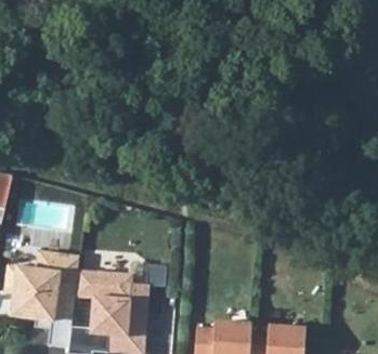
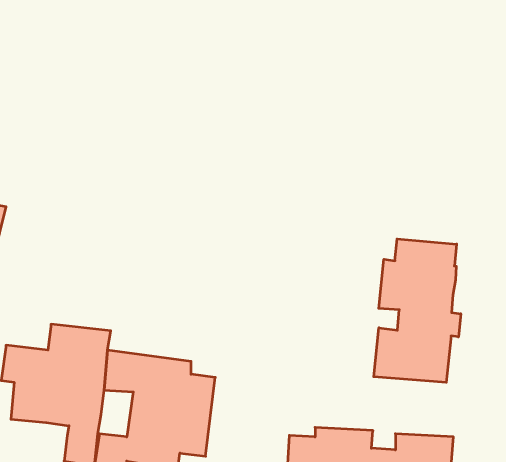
building: none -> [374,239,461,382]

